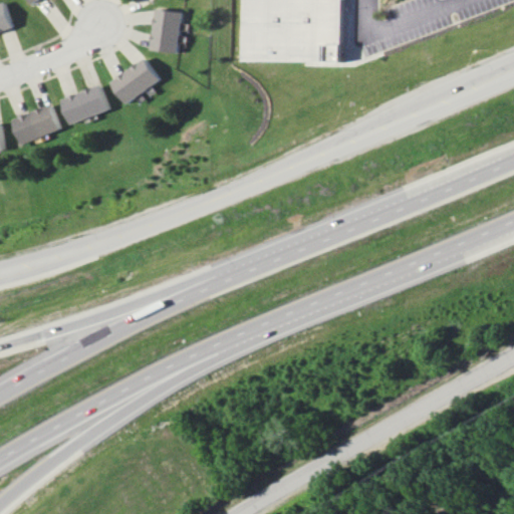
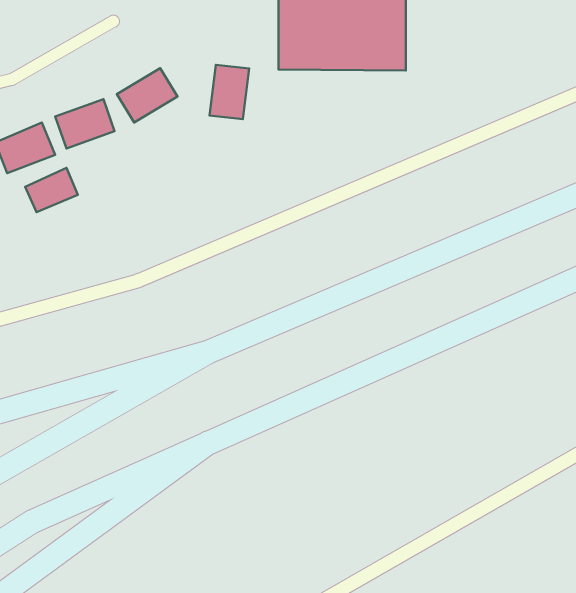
building: [150,9,182,53] -> [210,65,249,119]
building: none -> [25,168,78,212]

